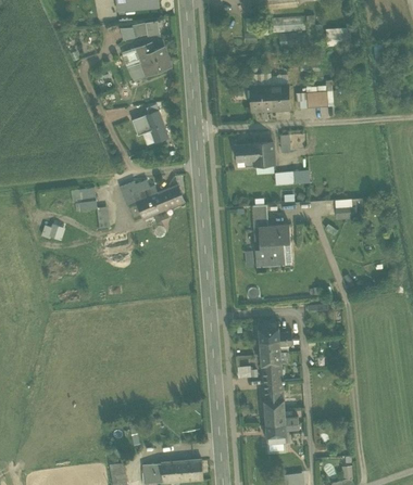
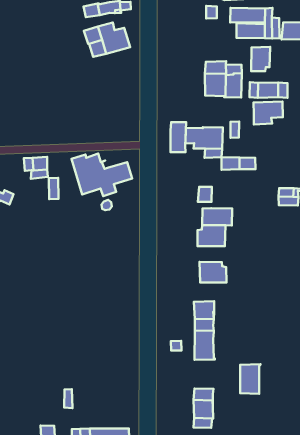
building: none -> [251,47,270,71]
building: none -> [254,101,283,124]
building: [132,111,168,142] -> none
building: none -> [170,122,186,152]
building: none -> [200,262,226,282]
building: [263,381,285,412] -> [240,364,260,394]

